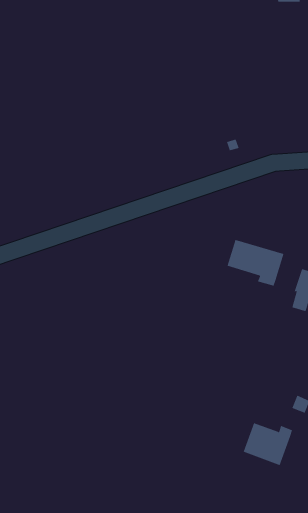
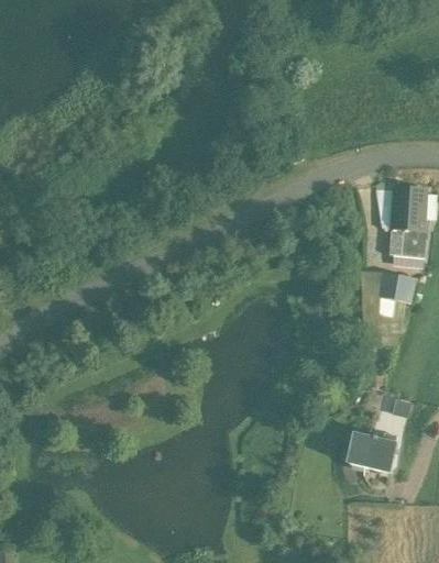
building: [227,239,284,286] -> none

